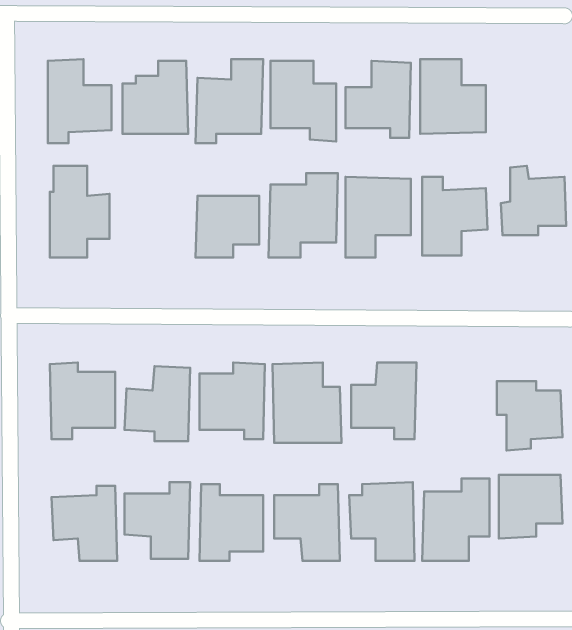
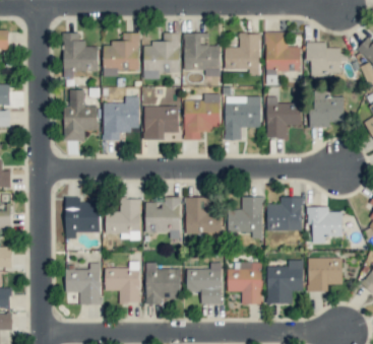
building: none -> [306,43,340,78]
building: none -> [103,96,139,140]
building: none -> [266,198,302,231]

